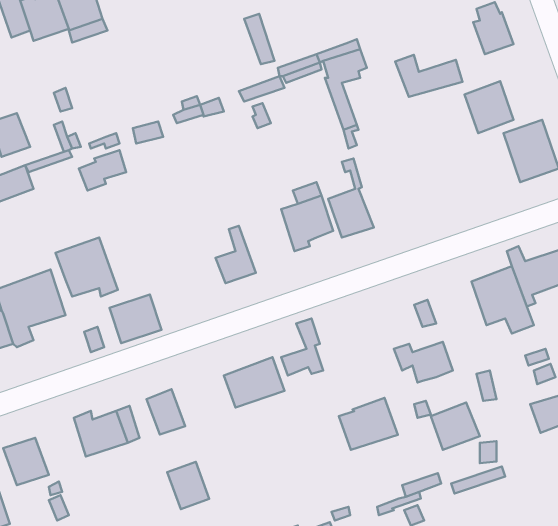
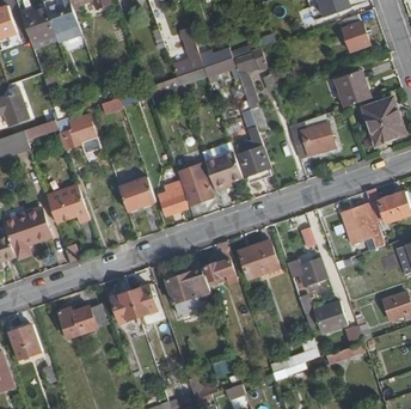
building: [395,55,463,97] -> [290,128,338,158]
building: none -> [182,169,213,204]
building: [109,294,162,343] -> [118,176,155,210]
building: [339,398,398,450] -> [239,240,281,277]
building: [167,462,209,509] -> [128,282,158,316]

